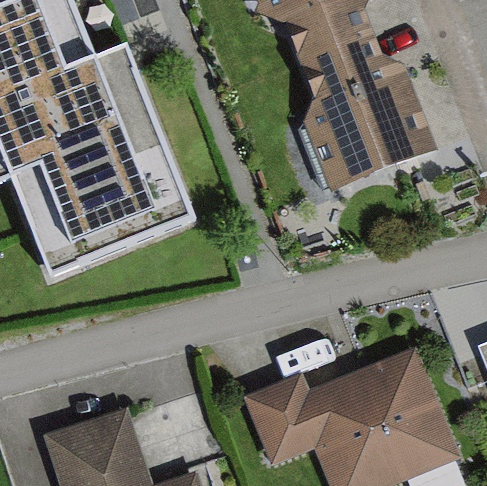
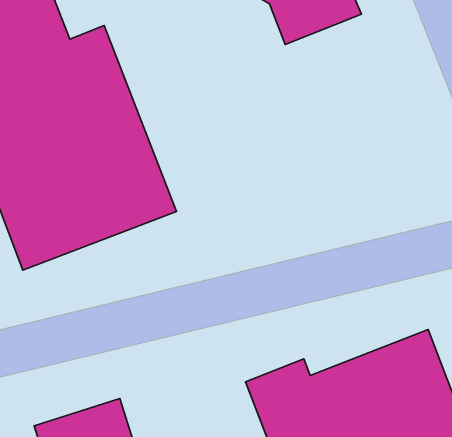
building: [296,38,433,193] -> none

